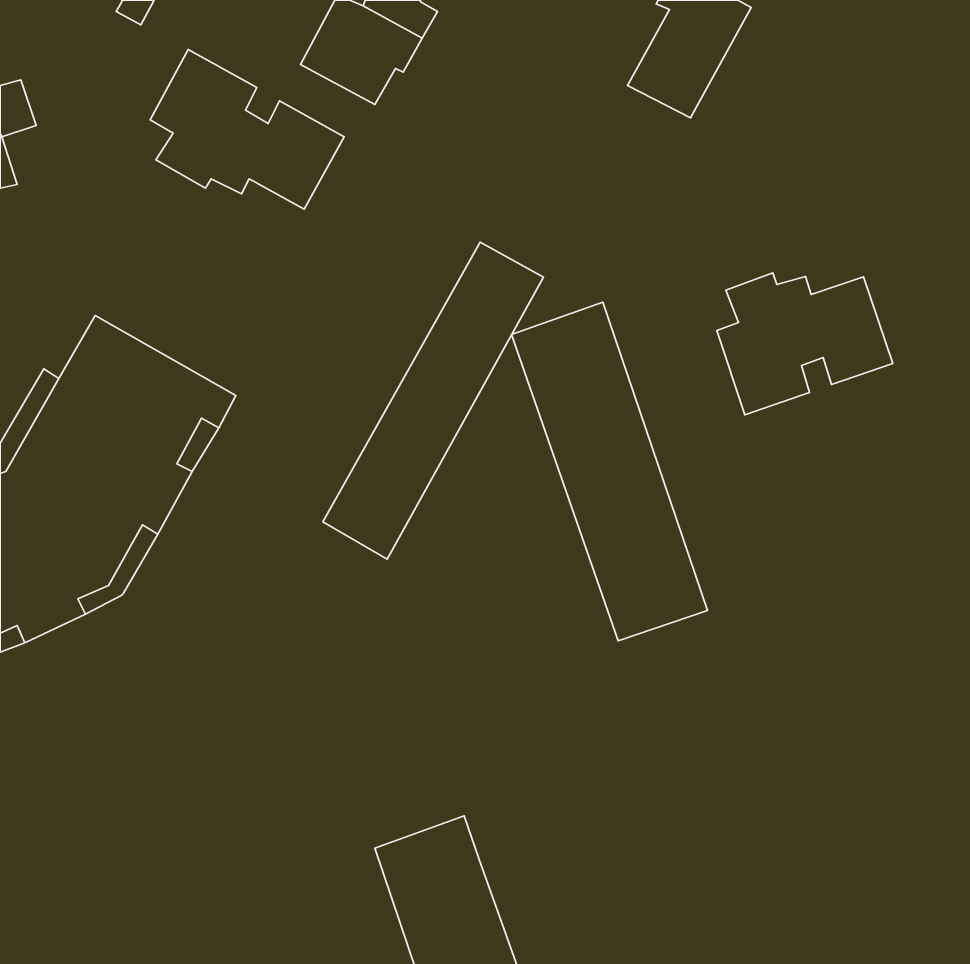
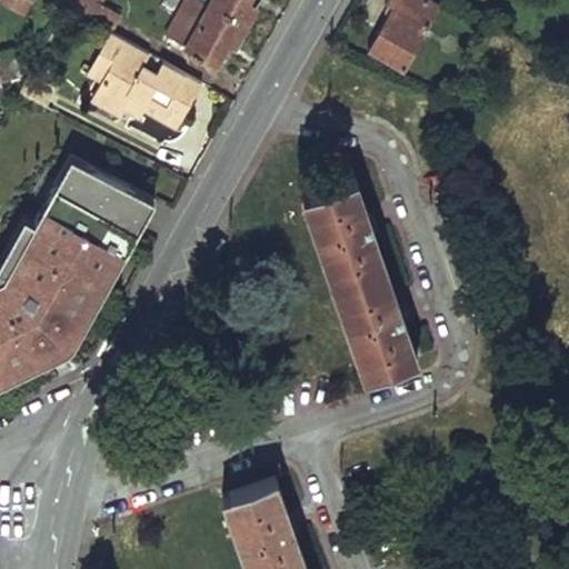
building: [323,242,543,559] -> none
building: none -> [57,160,156,236]
building: [717,273,893,415] -> none

